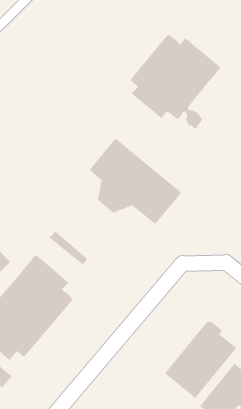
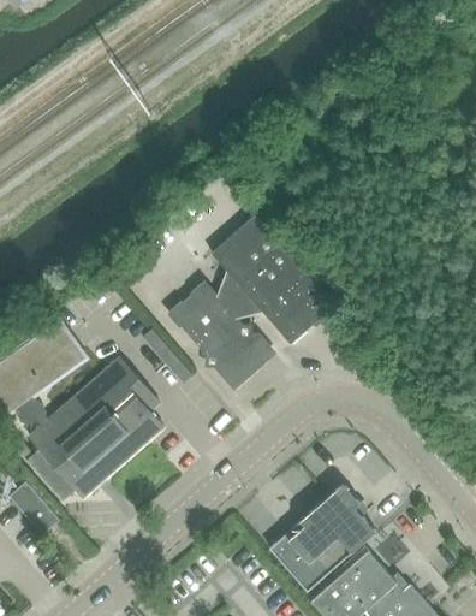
building: [129,34,221,130] -> none
building: none -> [169,283,273,387]

